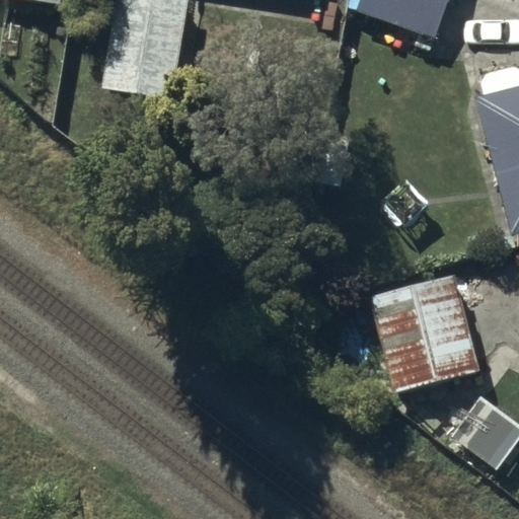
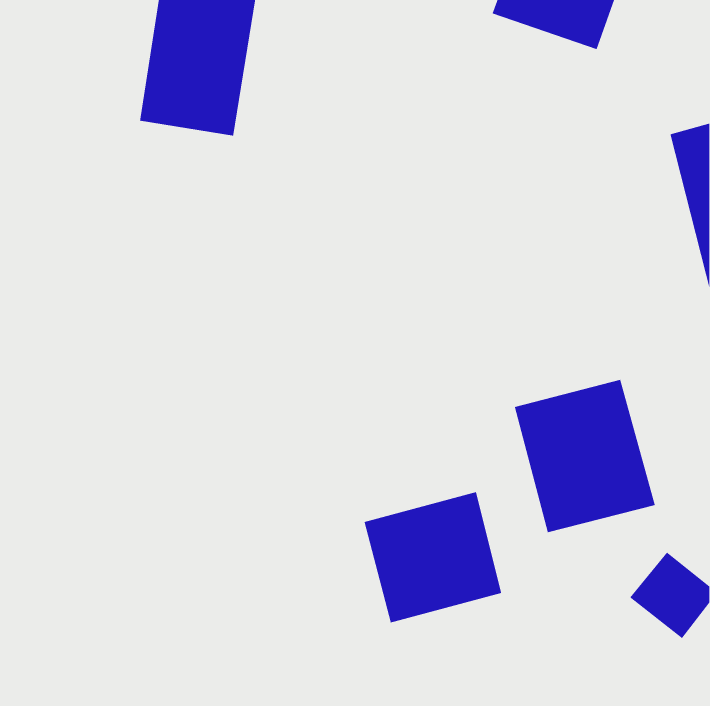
building: none -> [363,491,502,623]

